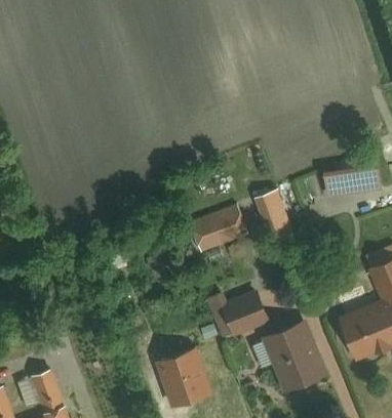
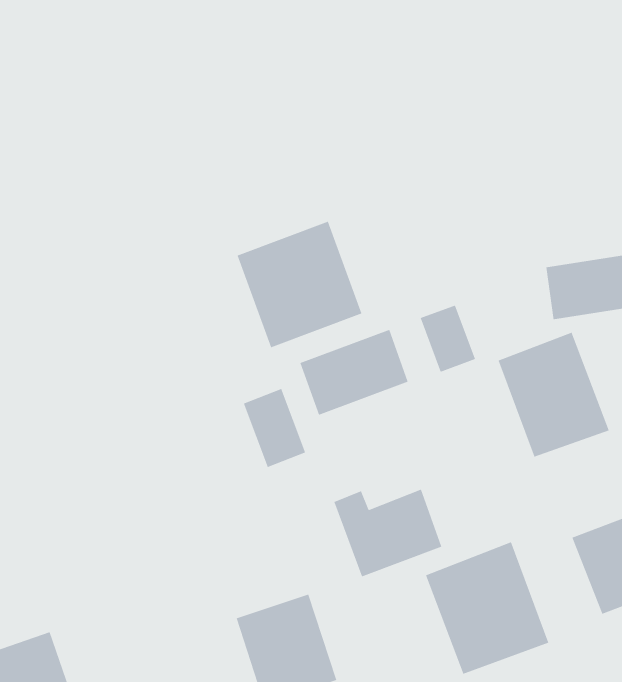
building: none -> [237,221,362,348]
building: none -> [498,332,609,458]
building: none -> [243,388,306,468]

